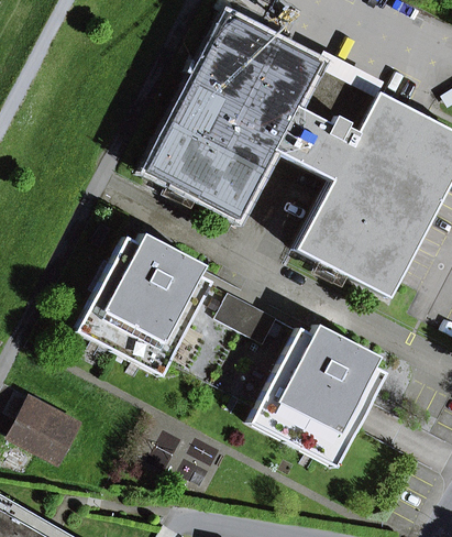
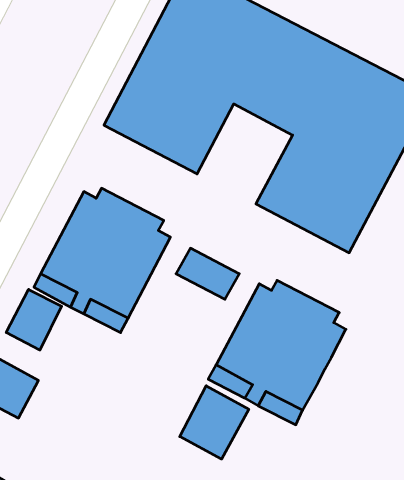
building: none -> [6,289,62,350]
building: none -> [180,386,249,459]

